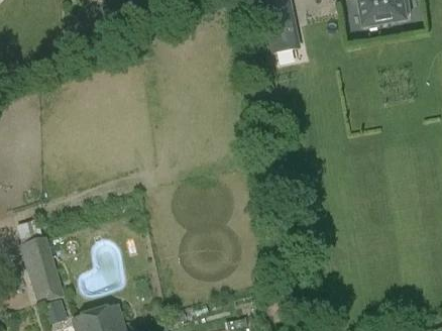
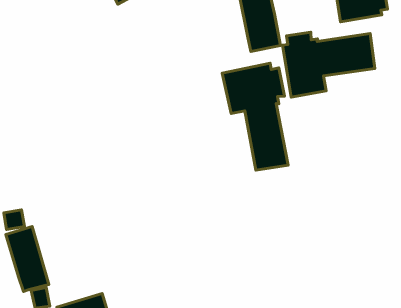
building: none -> [283,32,375,97]
building: none -> [222,63,288,170]

